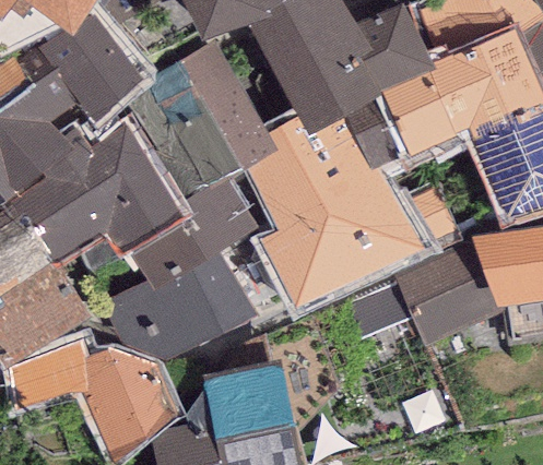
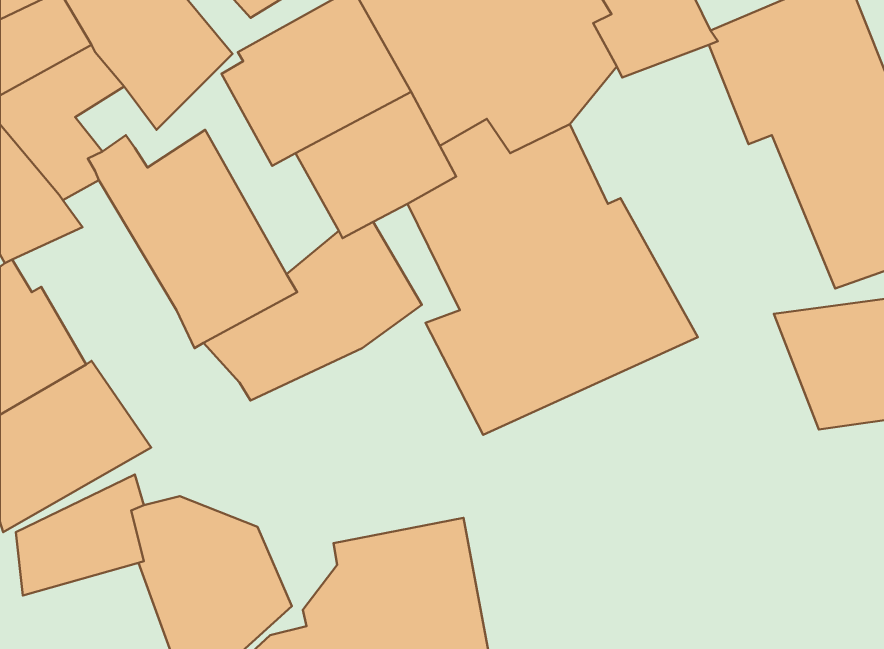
building: [346,73,456,169] -> none
building: [9,155,108,266] -> none
building: [393,236,498,344] -> none
building: [99,257,258,360] -> none

